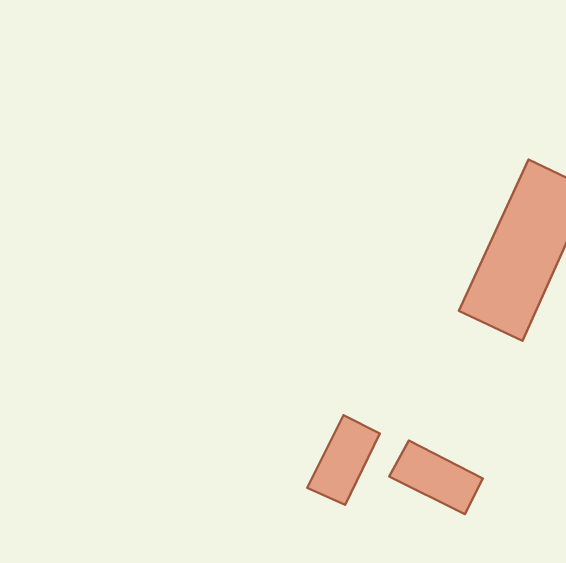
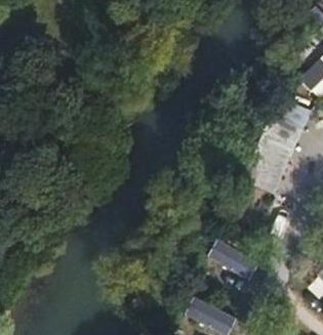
building: [307,415,380,505] -> none

